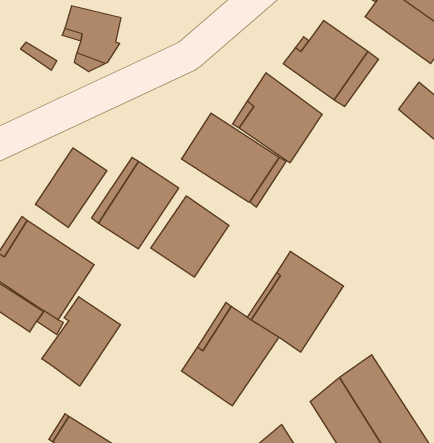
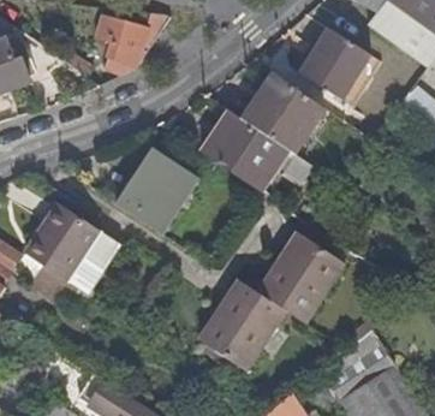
building: [35,148,107,228] -> none
building: [151,196,229,277] -> none
building: [42,297,120,386] -> none

